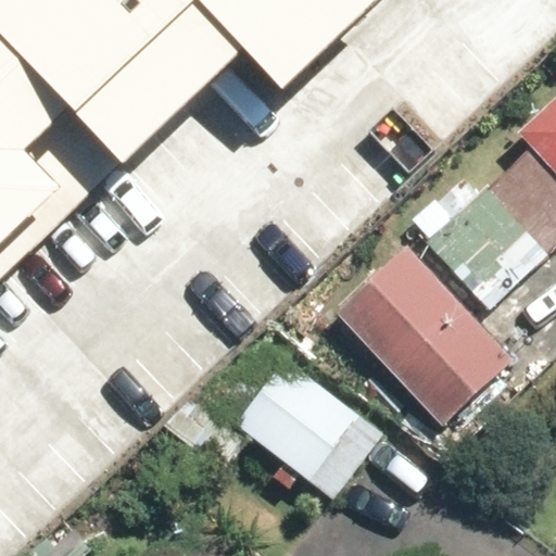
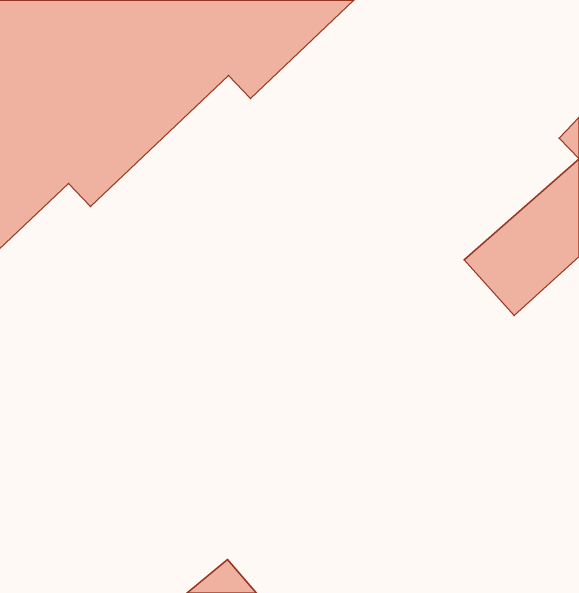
building: [345,256,508,424] -> none
building: [245,357,387,493] -> none

